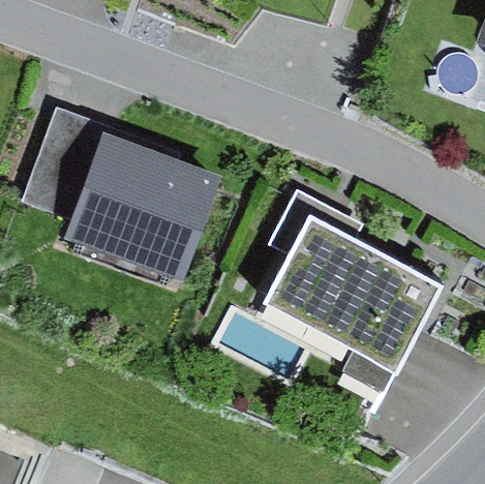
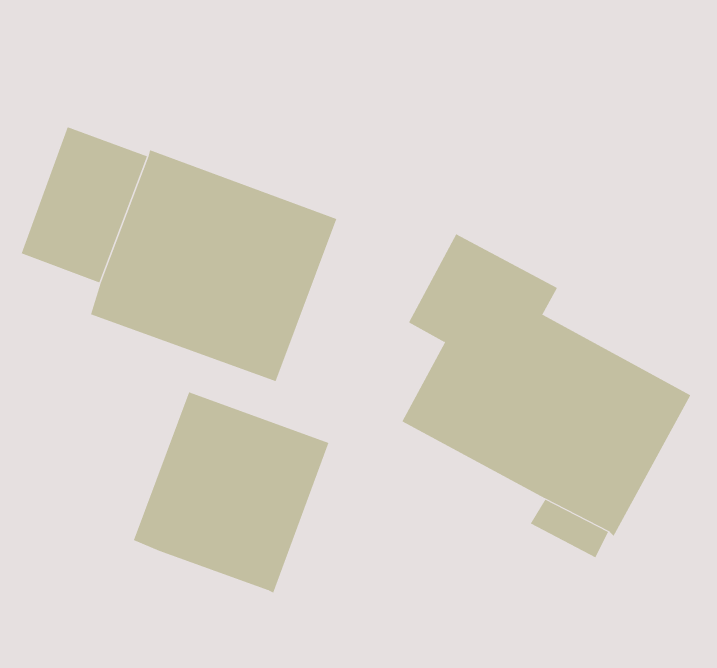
building: none -> [133,391,329,593]

